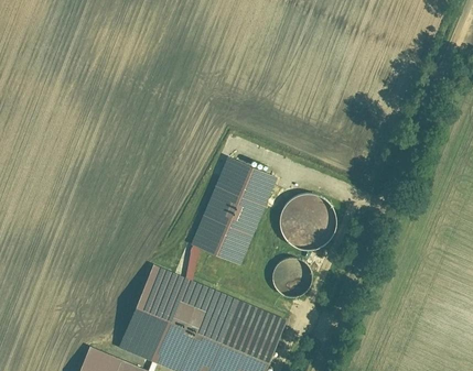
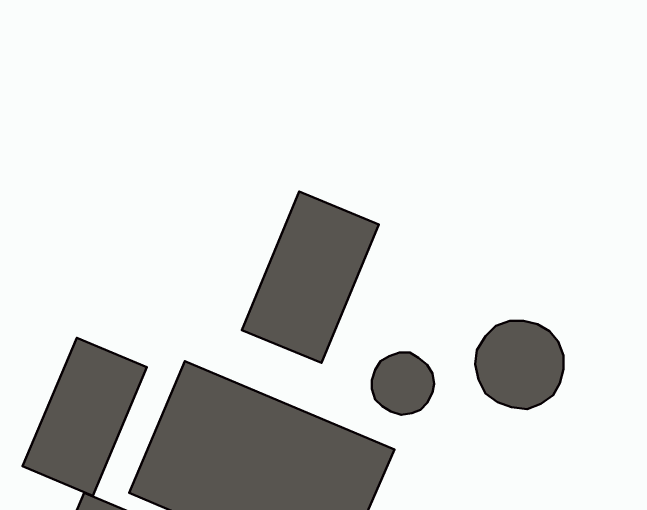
building: [280,193,336,249] -> [475,321,563,409]
building: none -> [23,338,147,496]

